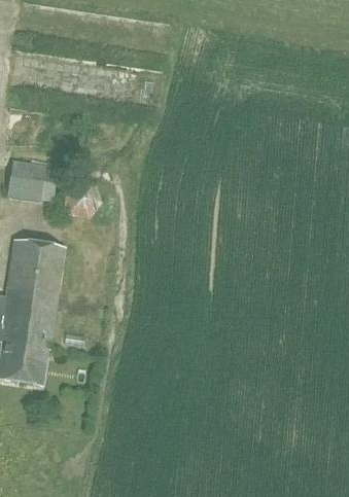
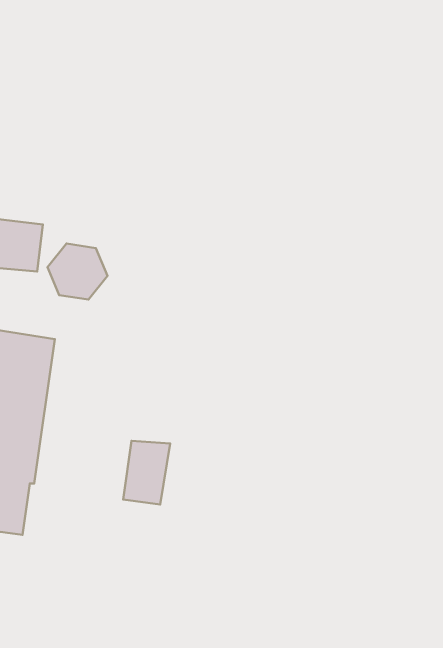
building: none -> [123,441,170,504]

